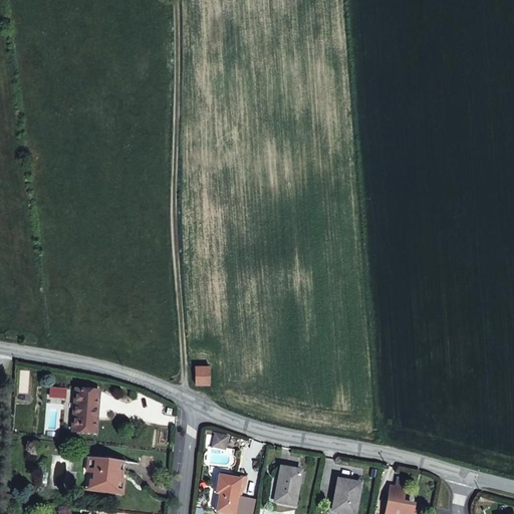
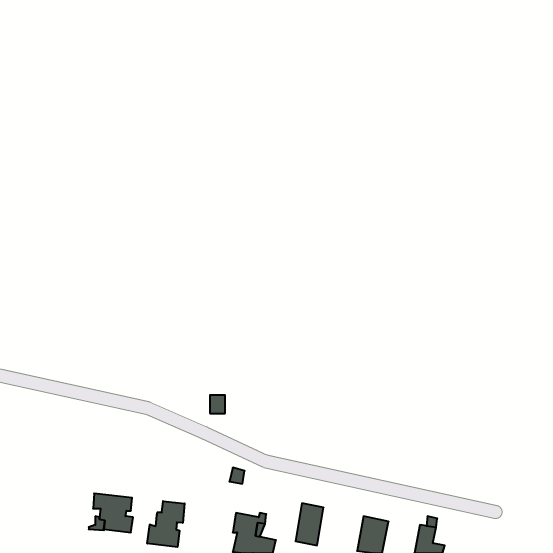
building: [73,391,97,433] -> none
building: none -> [147,501,185,547]

